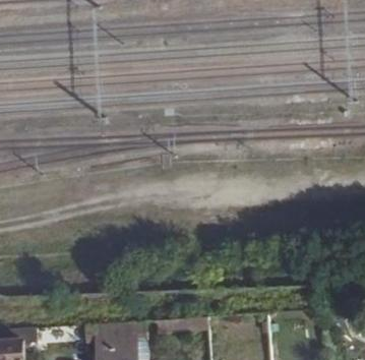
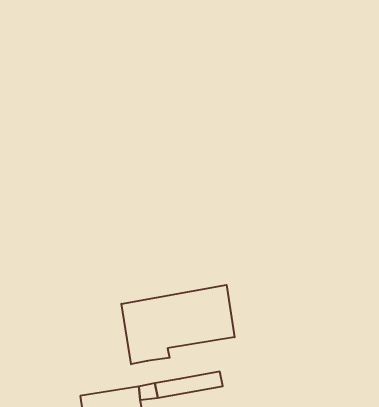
building: none -> [121,285,235,364]

